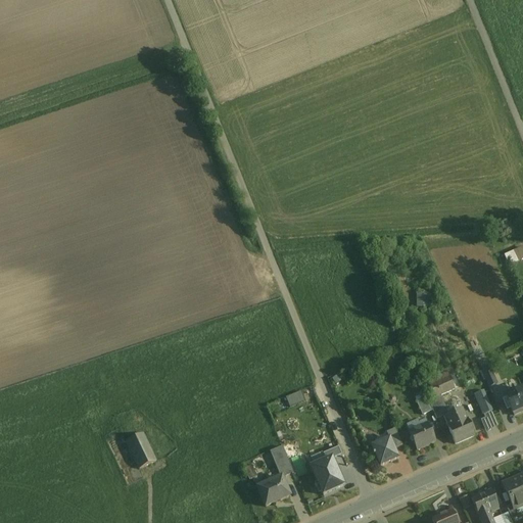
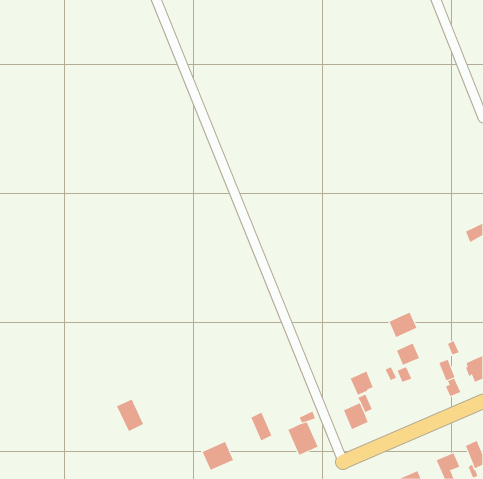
building: none -> [389,312,417,338]
building: [443,406,474,441] -> none
building: [409,422,434,448] -> [350,371,373,396]
building: [257,477,292,509] -> [202,441,234,471]

